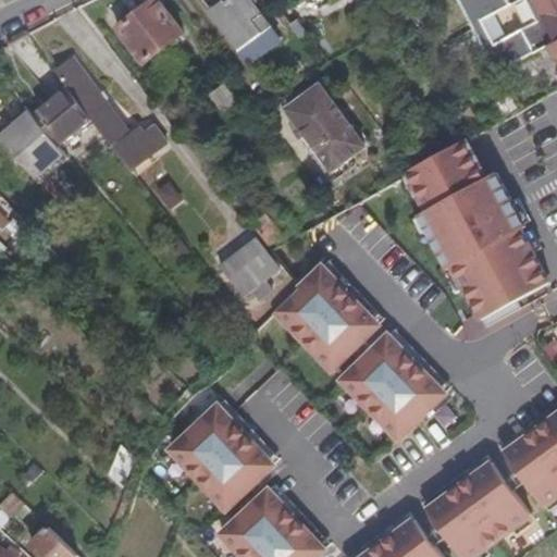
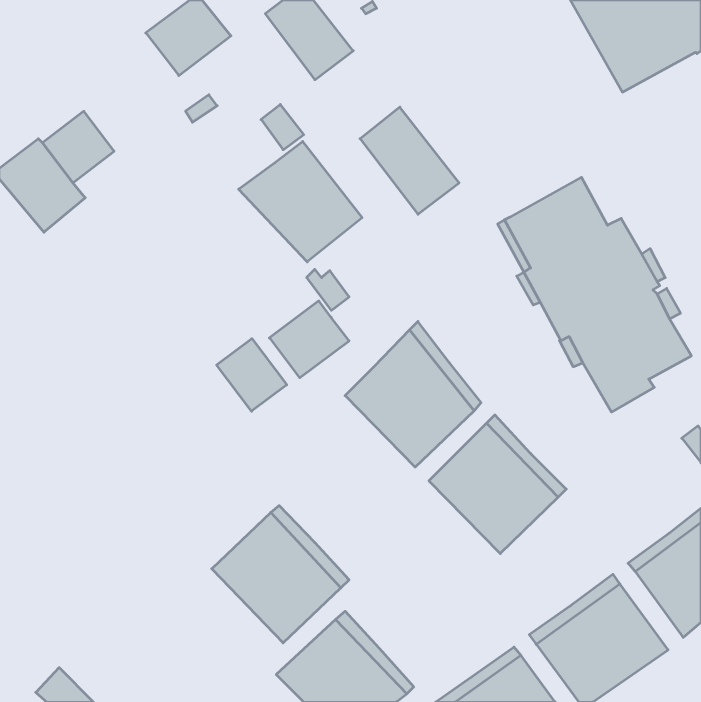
building: [53,58,163,170] -> none
building: none -> [239,141,362,262]
building: none -> [217,339,287,411]

